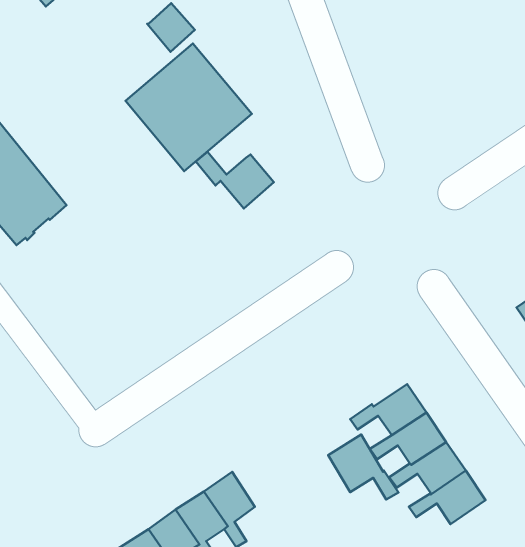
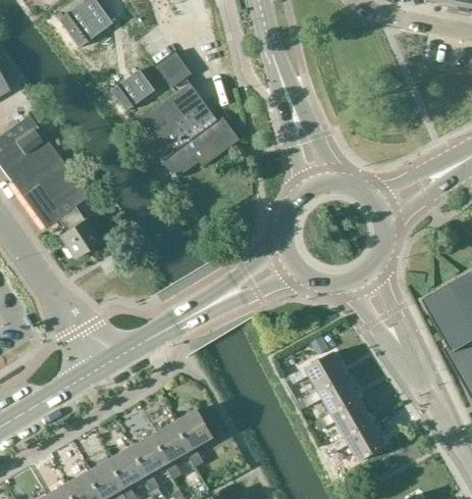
building: none -> [113,69,156,110]
building: [196,152,274,209] -> none
building: none -> [55,207,97,258]
building: [328,434,398,499] -> none

